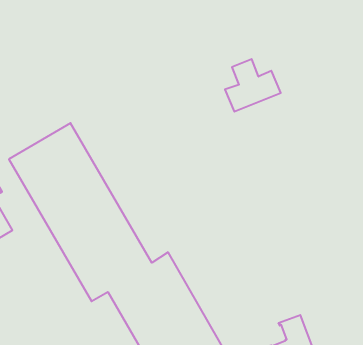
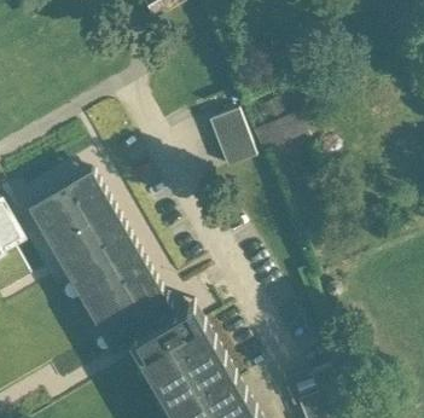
building: none -> [205,108,252,167]

